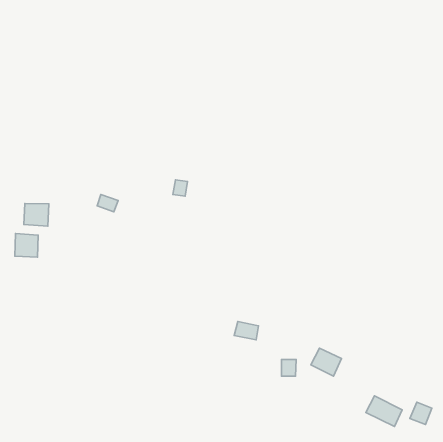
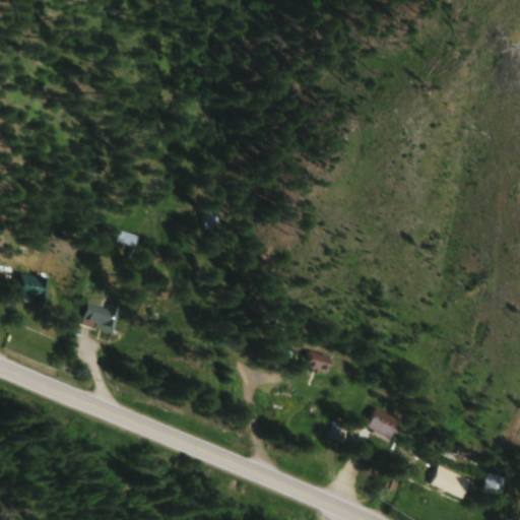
building: [24,203,49,226] -> none
building: none -> [82,300,119,328]
building: [234,322,259,340] -> [304,350,332,372]

